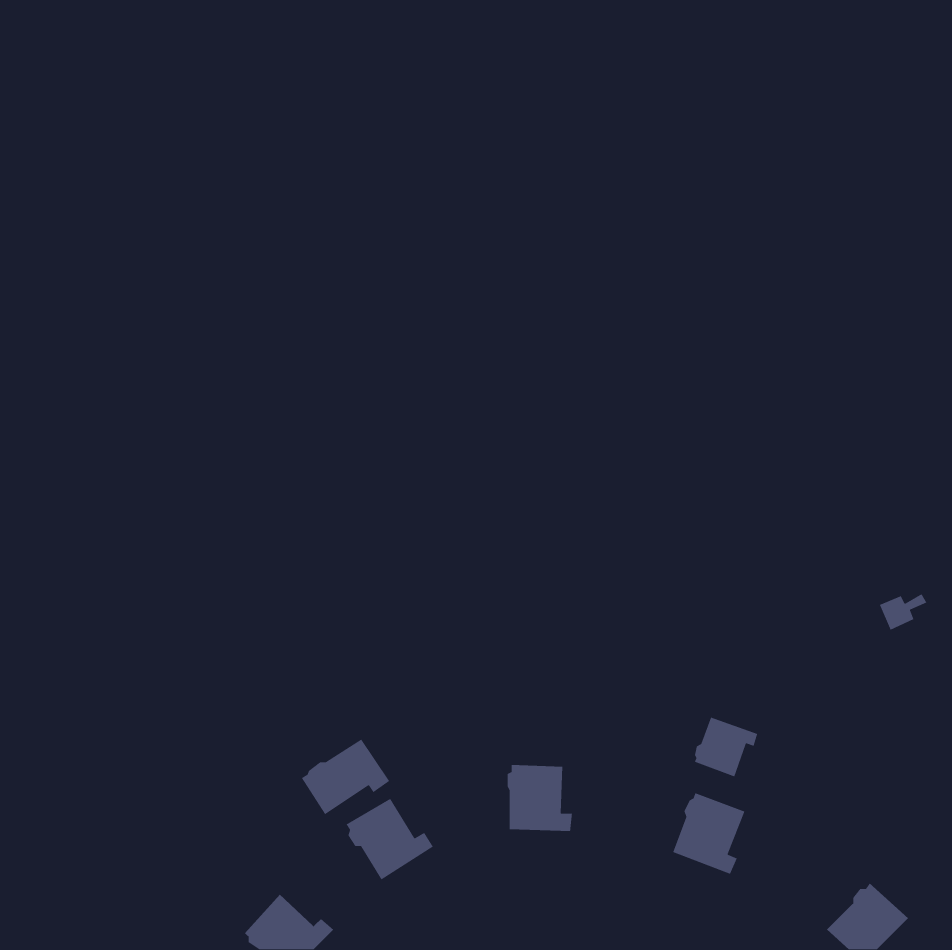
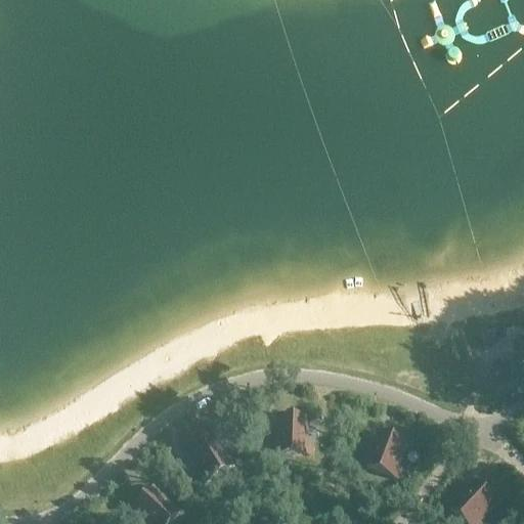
building: [694,717,758,778] -> none
building: [301,739,390,815] -> none

